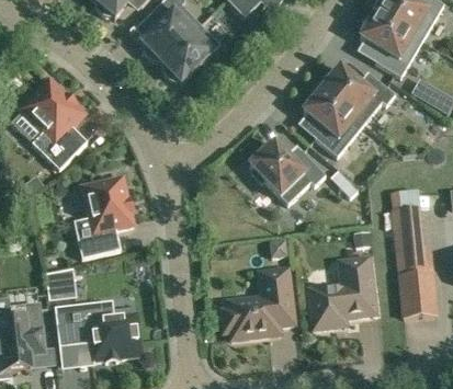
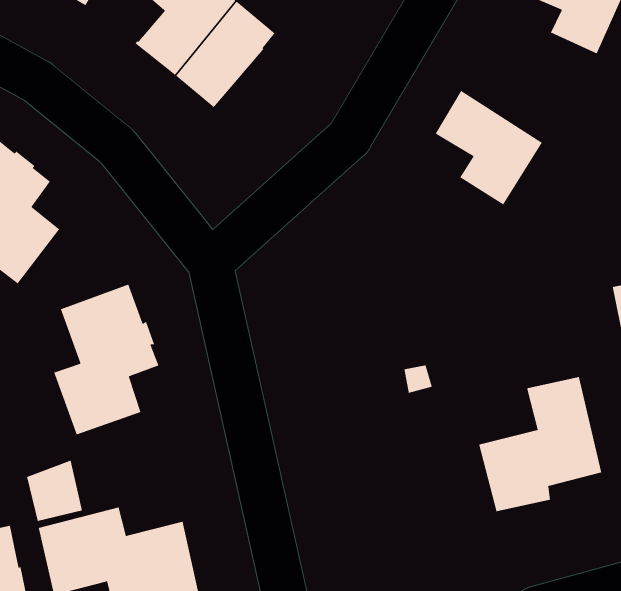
building: [320,66,394,123] -> none
building: [249,141,325,204] -> none
building: [220,268,293,337] -> none

